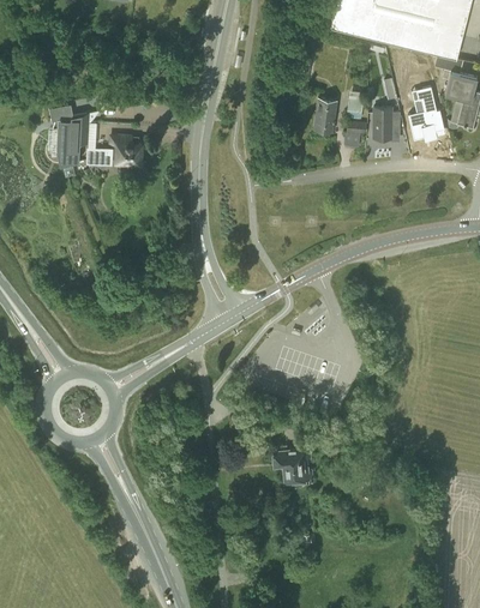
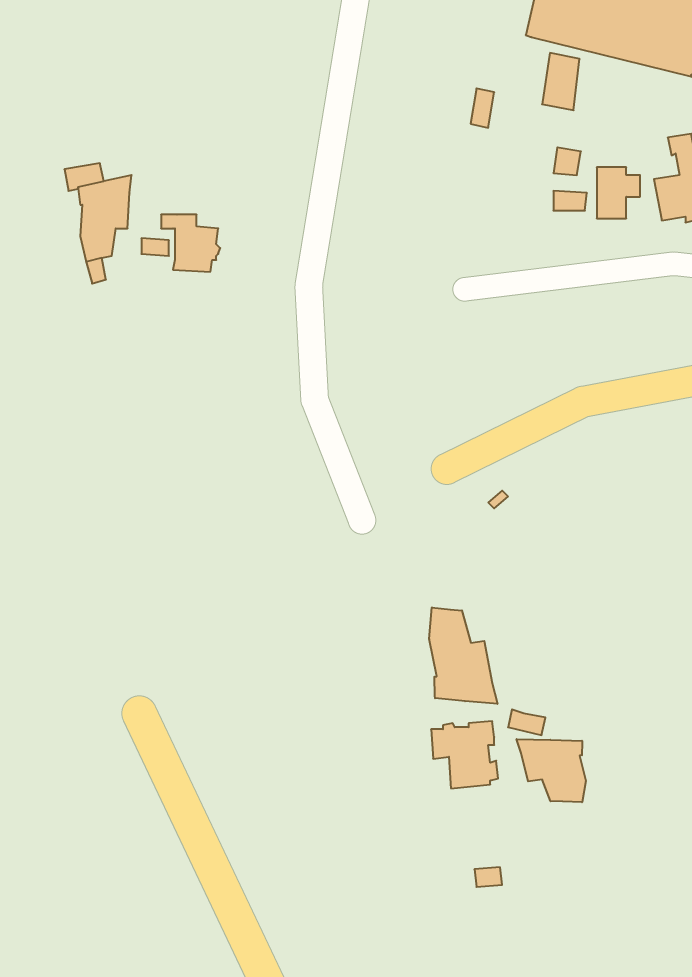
building: [313,97,336,132] -> [542,53,580,110]
building: none -> [429,607,497,704]
building: none -> [517,739,586,802]

